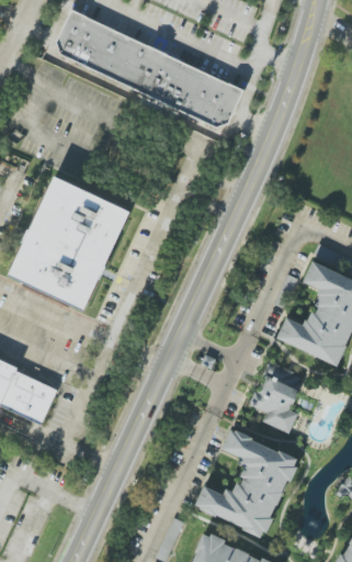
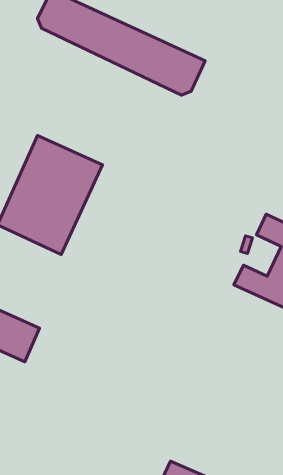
building: [250,360,309,435] -> none
building: [193,428,297,538] -> none

